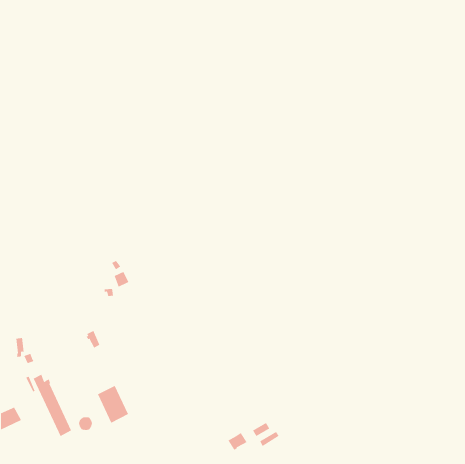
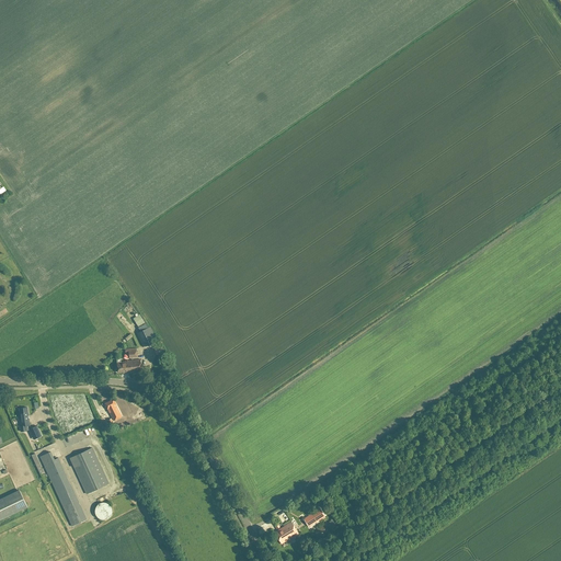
building: [97,385,129,423] -> [70,447,108,493]

